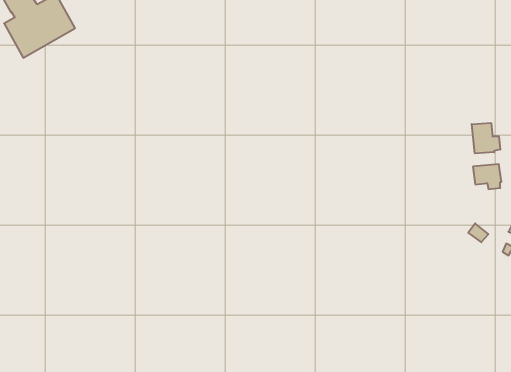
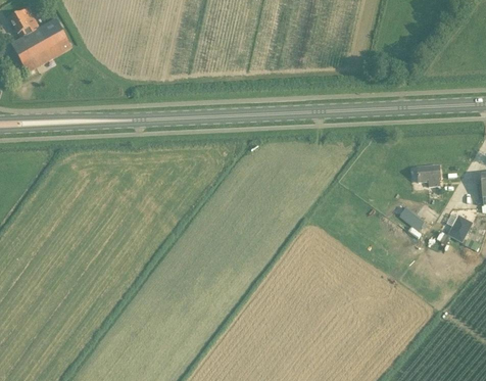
building: [472,123,500,153] -> none

